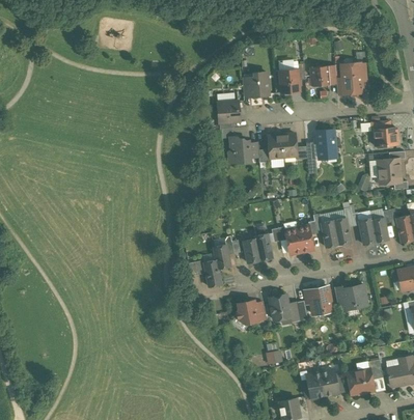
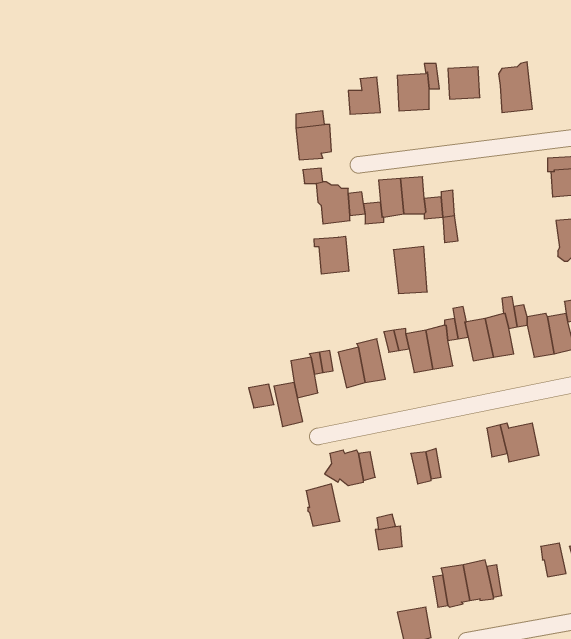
building: [315,130,336,159] -> [393,246,427,294]
building: none -> [314,236,349,274]
building: [304,286,332,313] -> none
building: [270,295,291,320] -> [306,484,340,526]
building: [347,369,374,394] -> none

